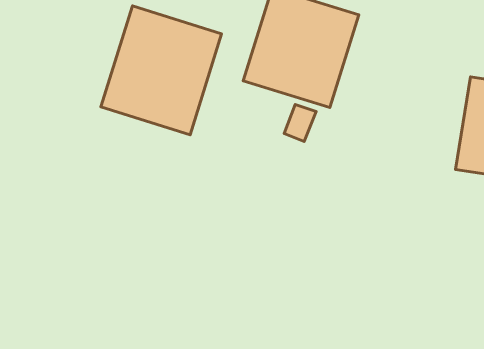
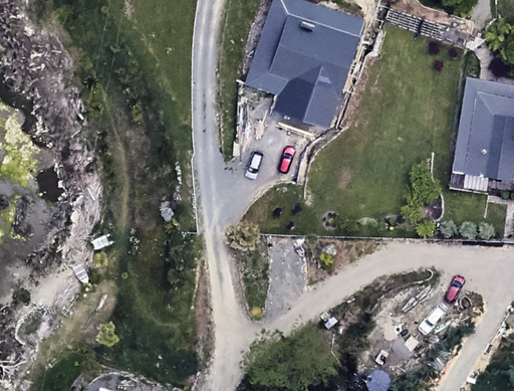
building: [101,6,222,135] -> none

